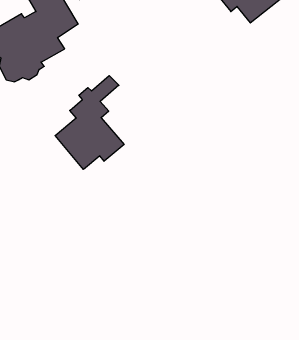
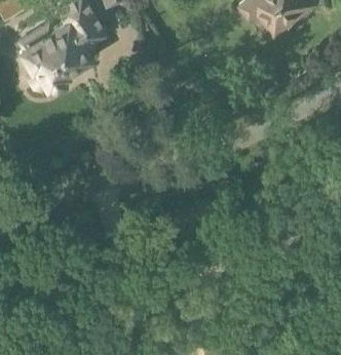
building: [55,76,124,169] -> none

